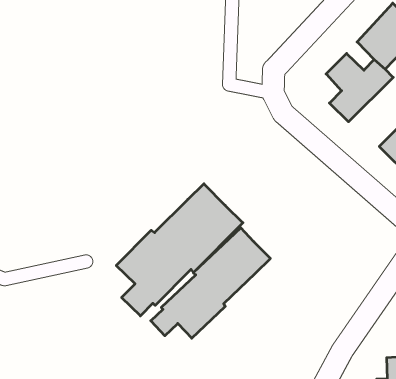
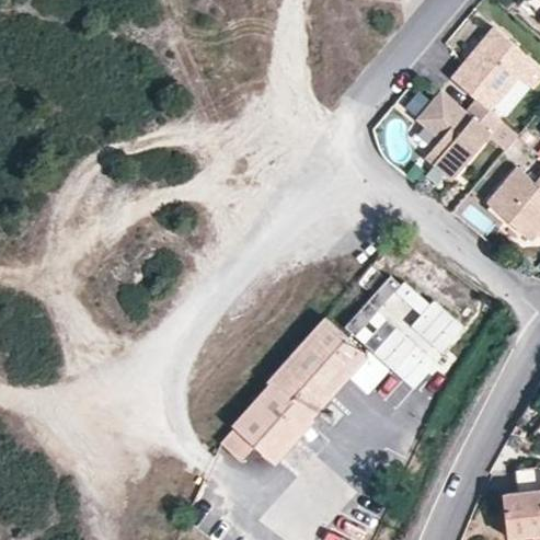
building: [116,184,243,316] -> none
building: none -> [342,279,469,393]

